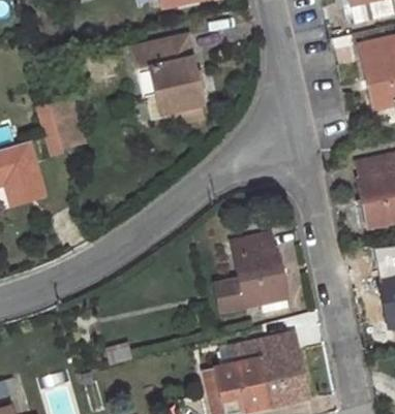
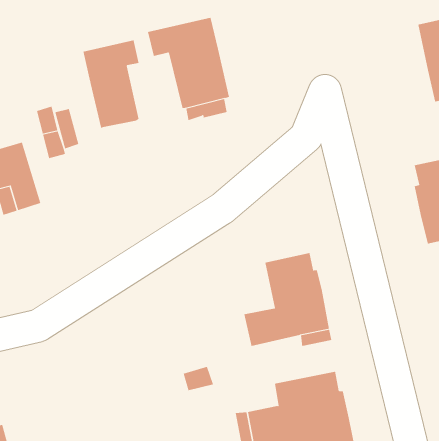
building: none -> [83,39,139,128]

